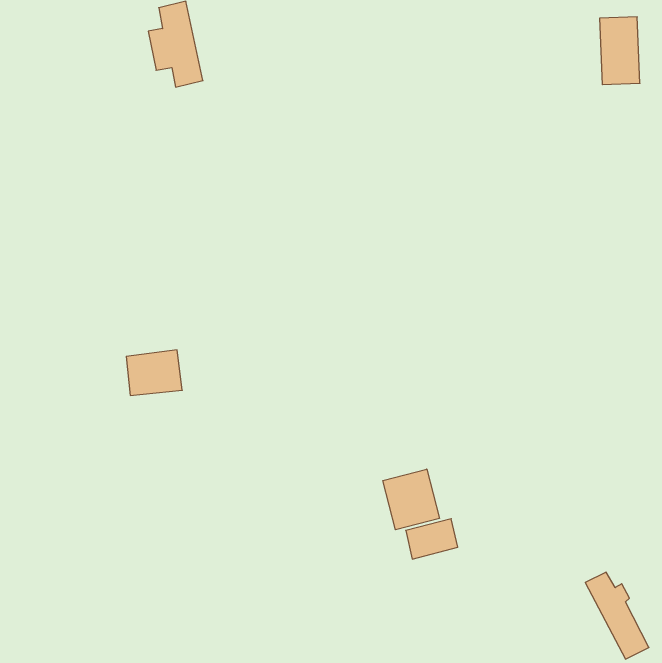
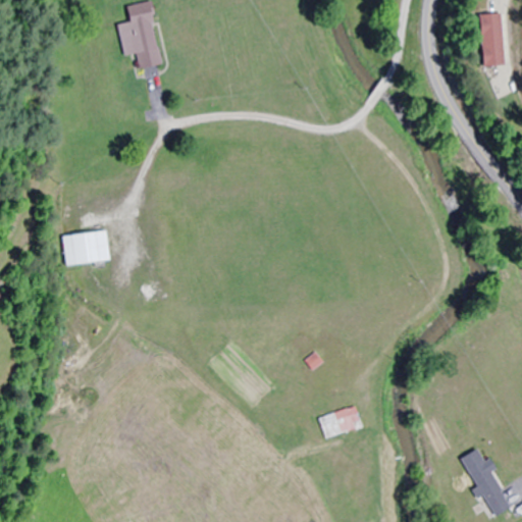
building: [126,350,182,395] -> [63,229,107,265]
building: [383,469,439,530] -> none

